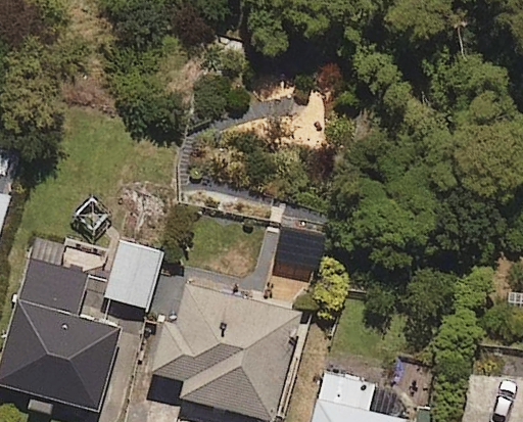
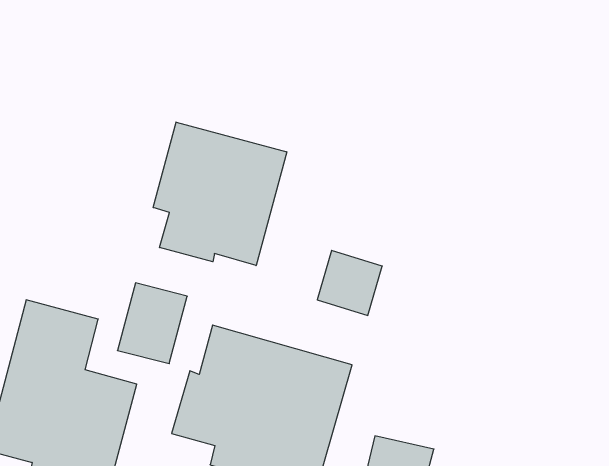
building: none -> [153,122,287,266]

